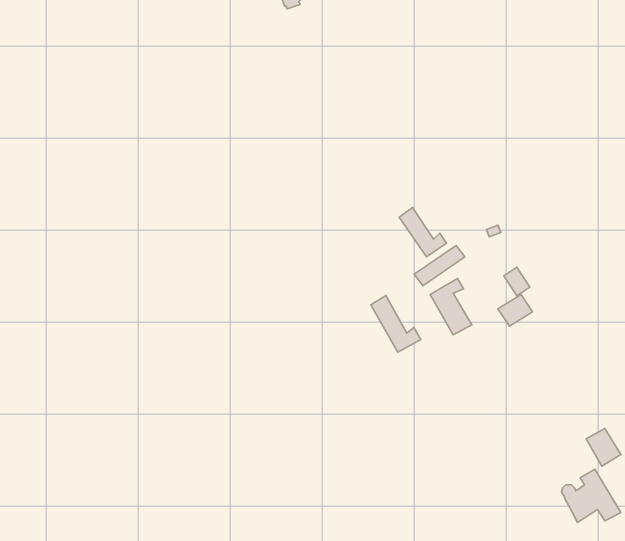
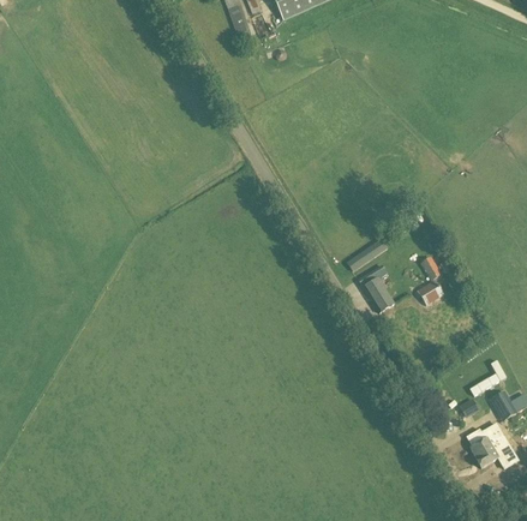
building: [399,208,447,257] -> none
building: [371,296,421,352] -> none

